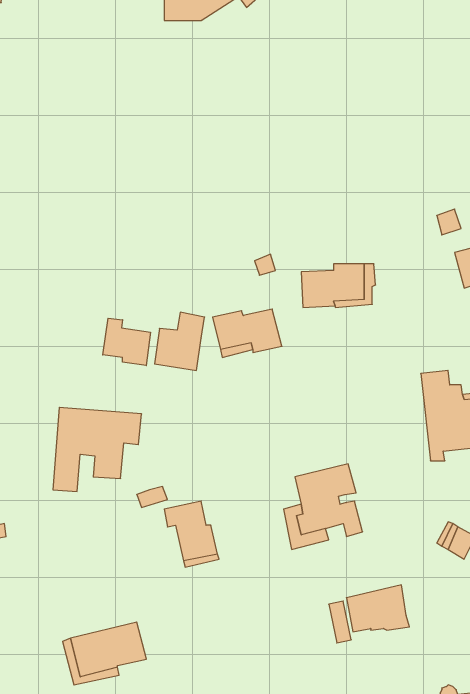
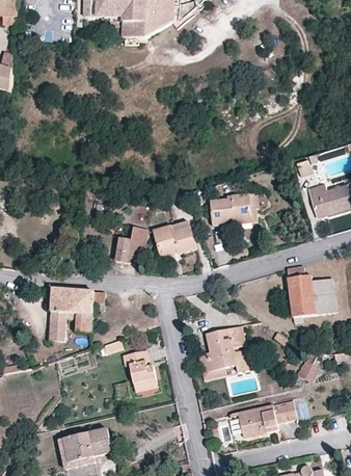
building: [103,318,150,366] -> none
building: none -> [273,398,297,421]

